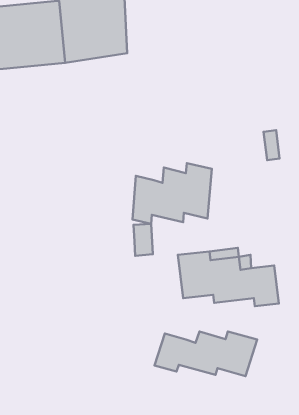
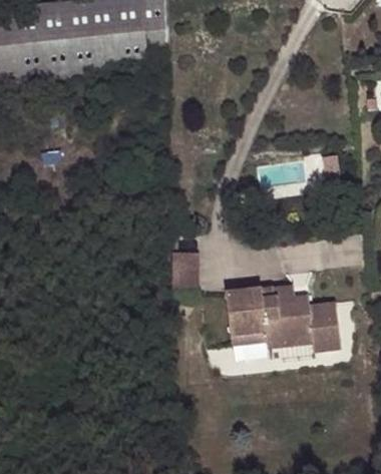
building: [132,163,212,224] -> none
building: [155,332,257,376] -> none

